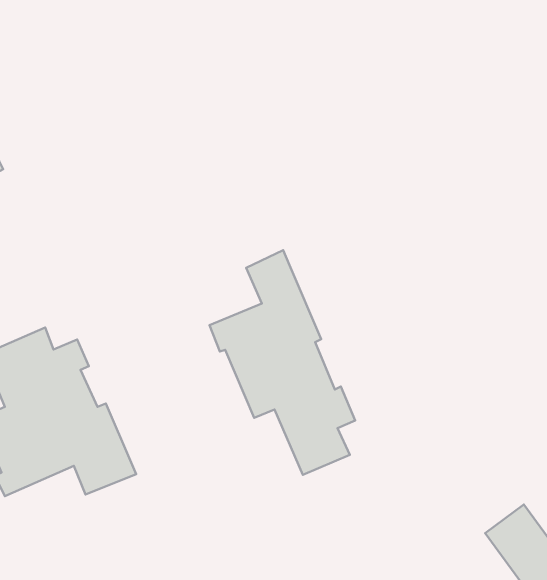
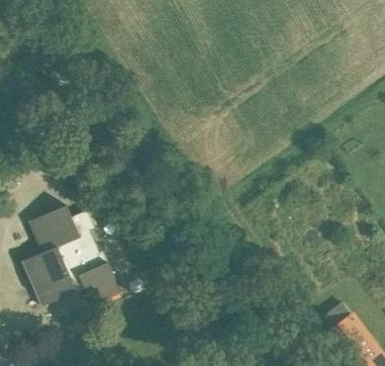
building: [209,250,355,475] -> none

